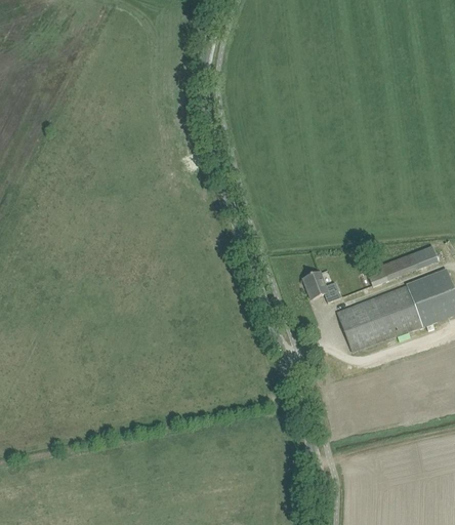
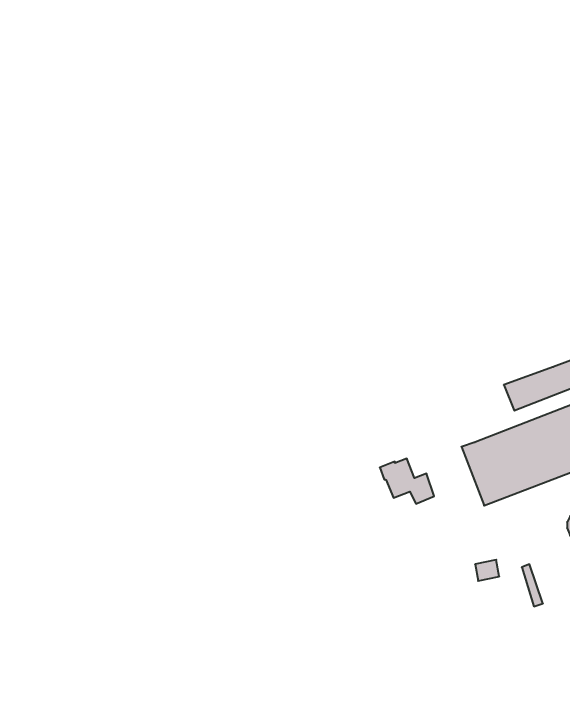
building: [302,272,339,302] -> [380,459,434,504]

